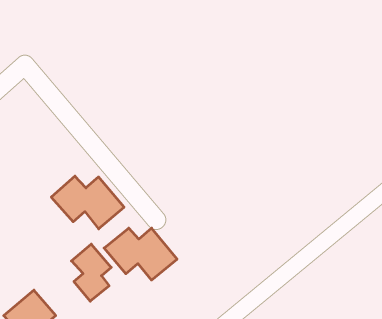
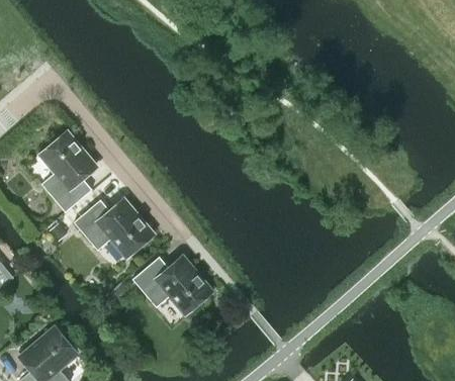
building: none -> [38,130,95,211]
building: [71,244,111,301] -> none

